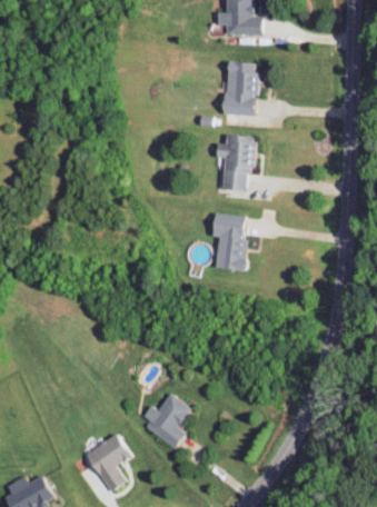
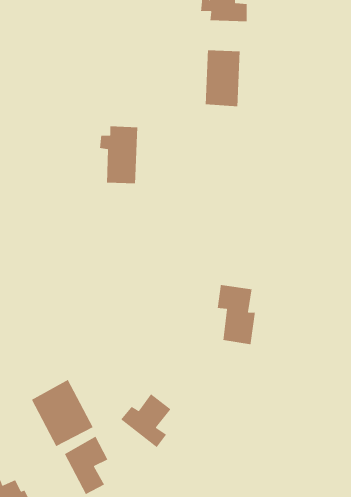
building: [215,135,252,191] -> [99,126,138,184]
building: [210,212,248,271] -> [217,284,256,345]
building: none -> [31,379,94,447]

